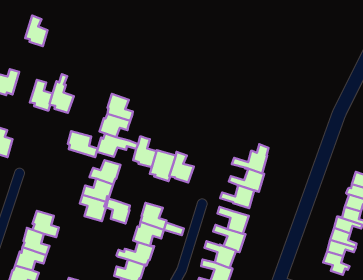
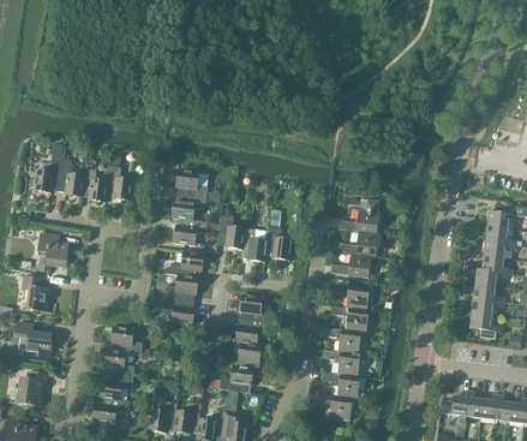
building: [25,16,47,46] -> [59,161,84,196]
building: [68,131,98,157] -> none
building: [106,198,130,224] -> none

